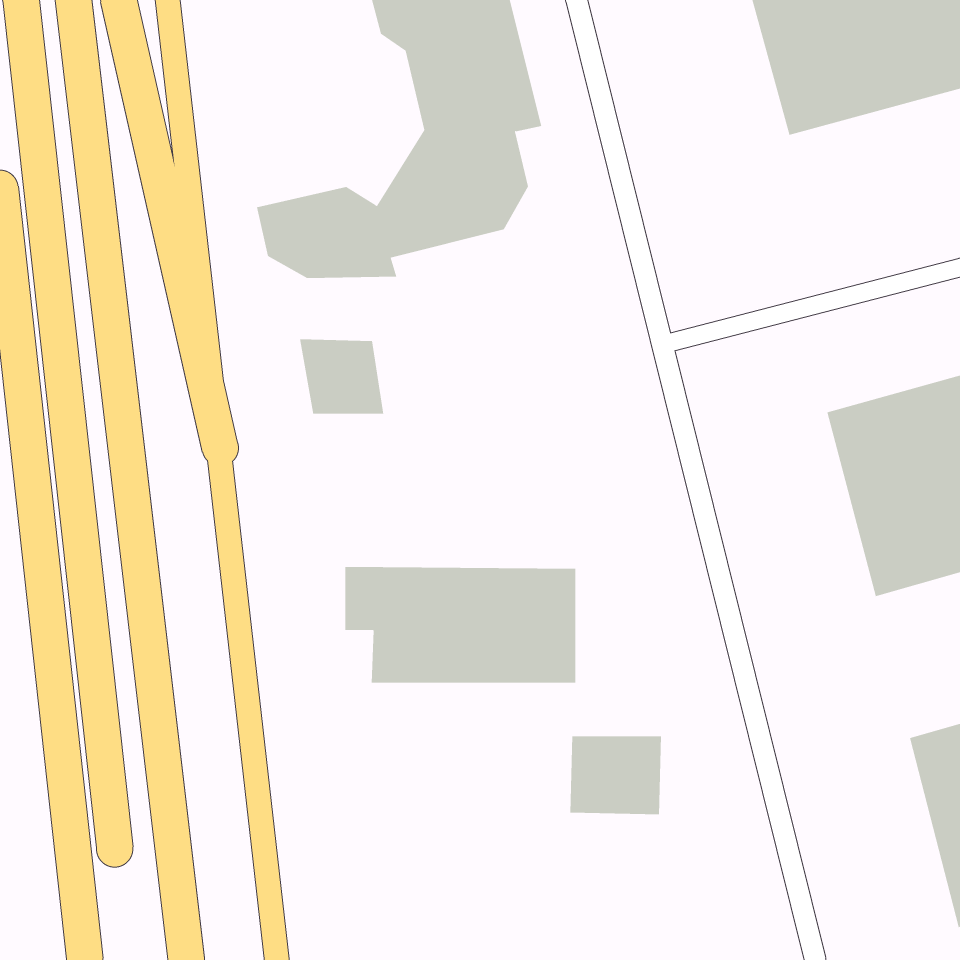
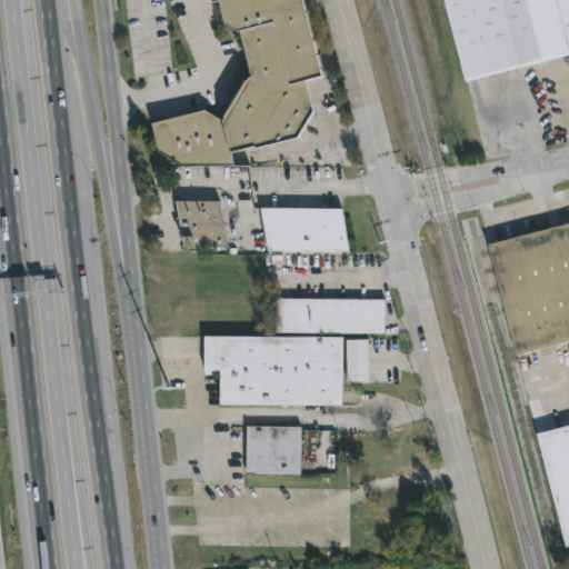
building: none -> [262,207,349,250]
building: none -> [277,298,383,332]
building: none -> [347,338,369,379]
building: [570,736,662,815] -> [246,428,300,475]

